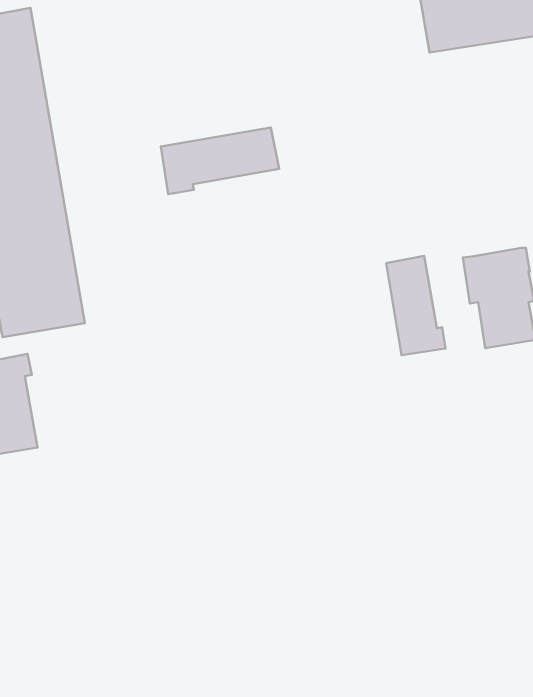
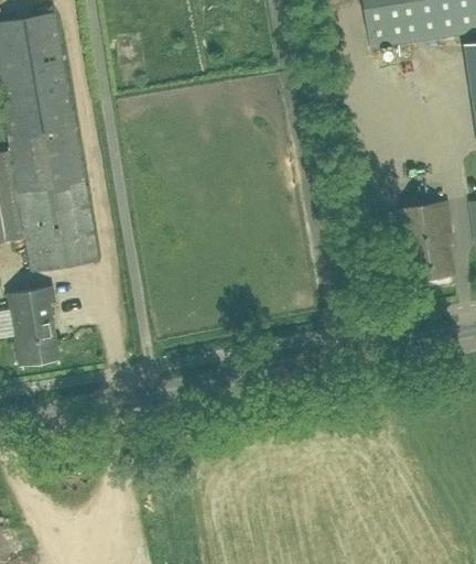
building: [161,128,279,194] -> none
building: [386,256,445,355] -> none

